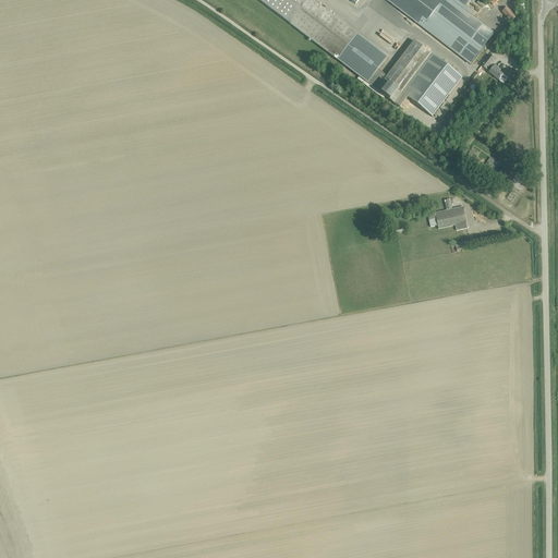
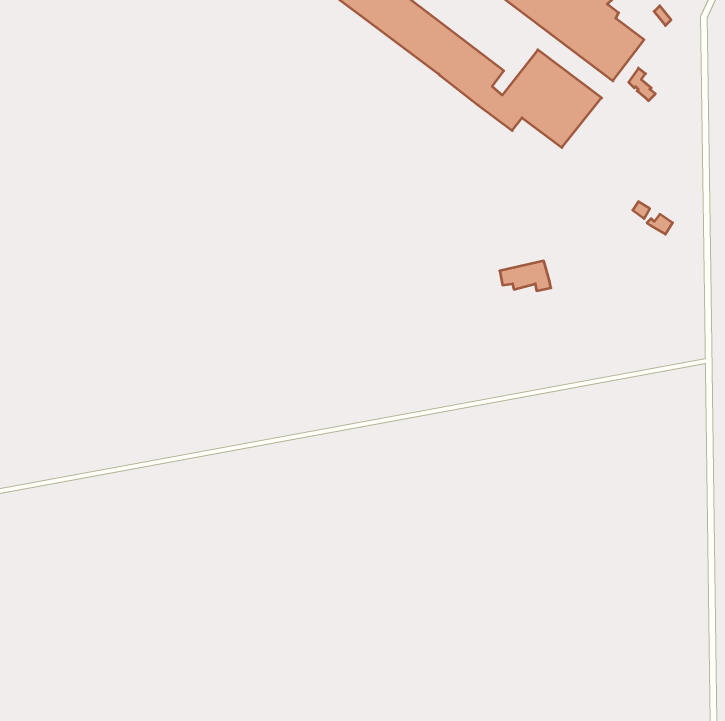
building: [428,205,468,228] -> [500,261,551,291]

